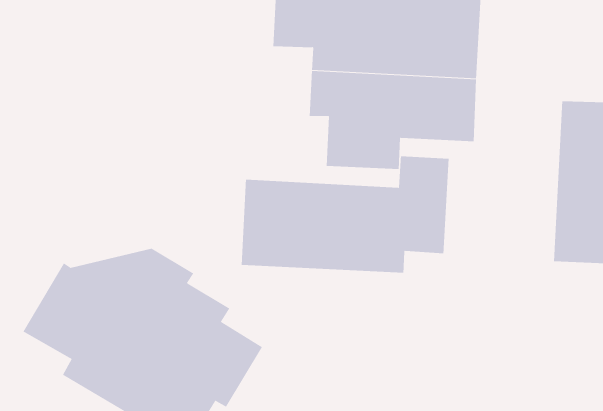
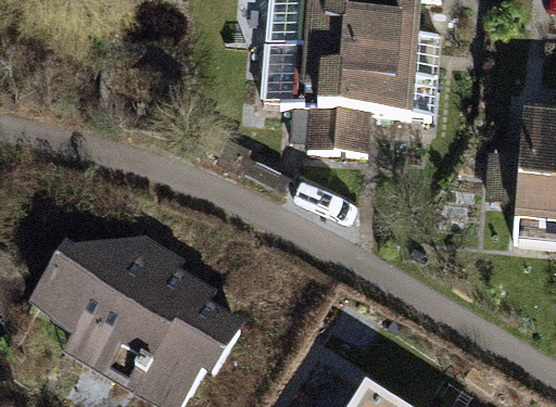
building: [241,156,449,274] -> none

